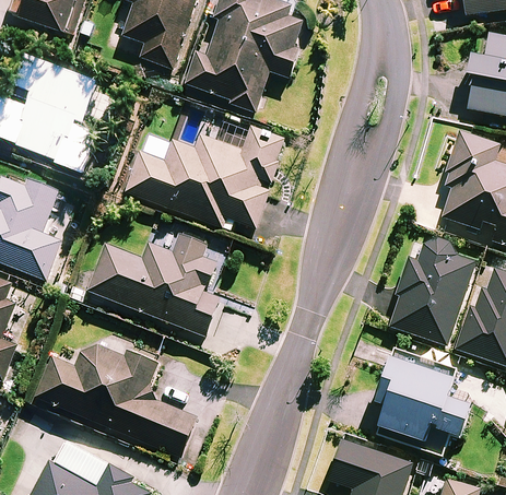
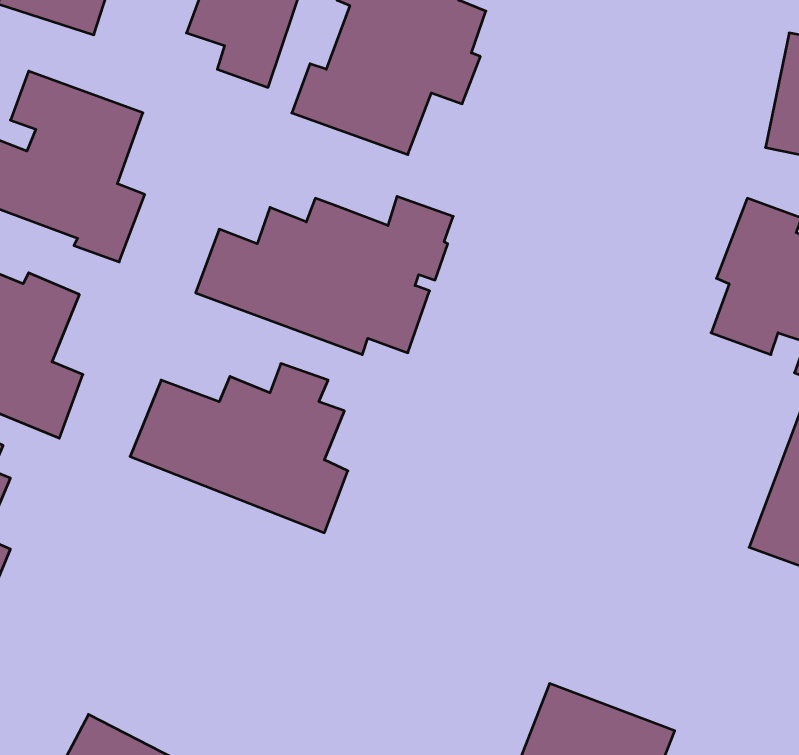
building: [389,235,473,341] -> none
building: [36,342,197,457] -> none
building: [364,342,470,438] -> none

